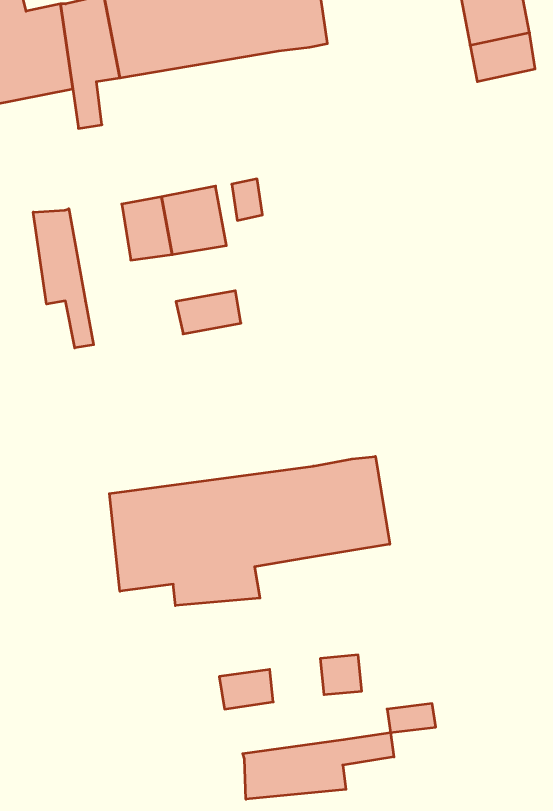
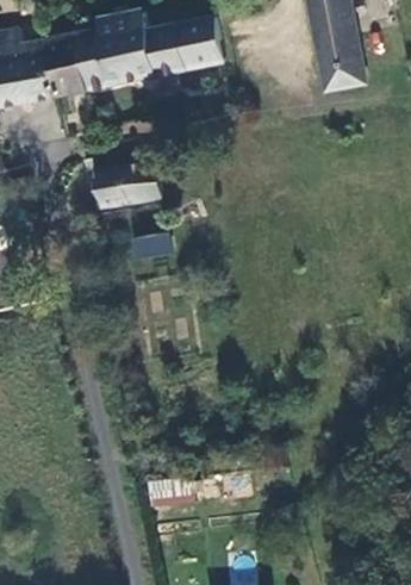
building: [33,209,94,348] -> none
building: [109,456,390,606] -> none
building: [243,733,394,799] -> none

